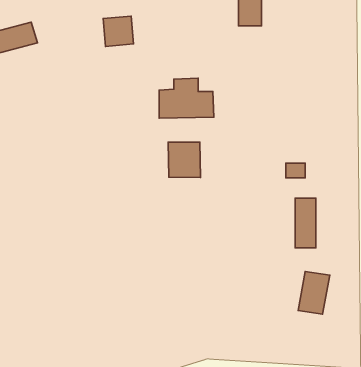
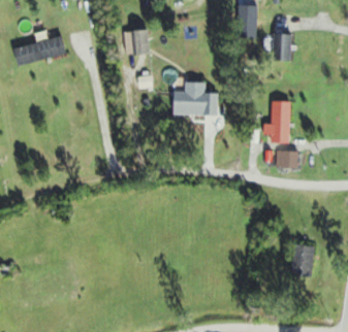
building: none -> [272,33,290,60]
building: [168,142,200,177] -> none
building: [295,198,316,248] -> [271,100,288,142]

